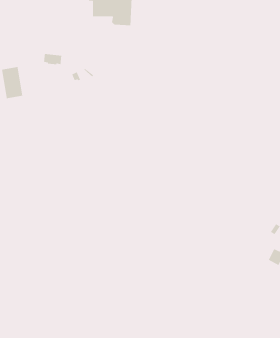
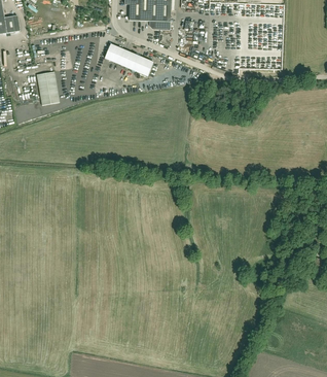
building: none -> [104,42,153,75]

